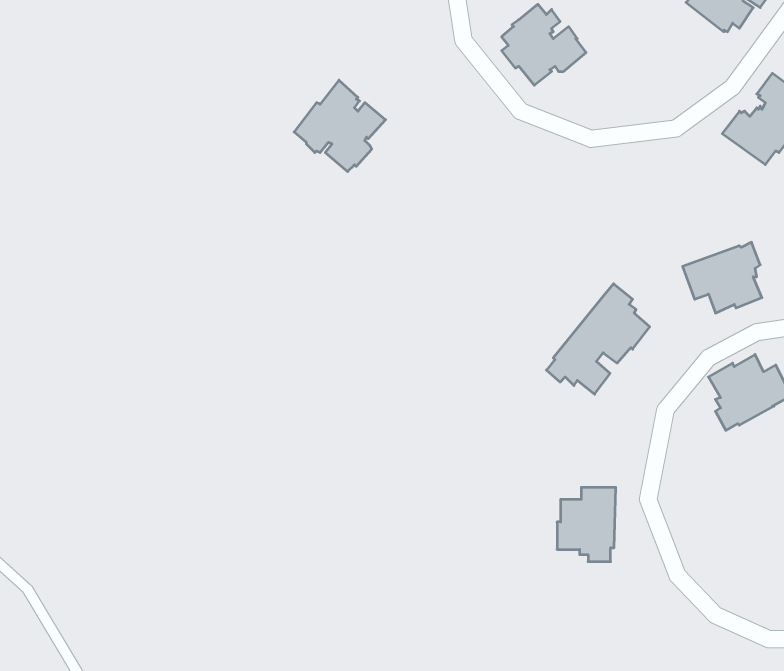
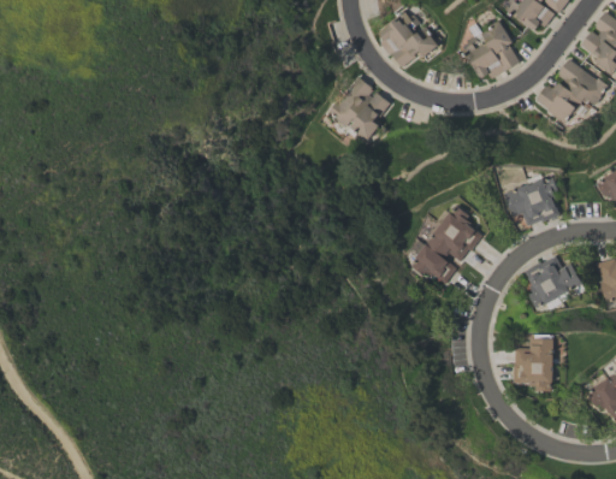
building: none -> [464,22,521,79]
building: [294,80,386,172] -> [327,76,391,140]
building: [557,487,616,562] -> [514,339,555,391]

